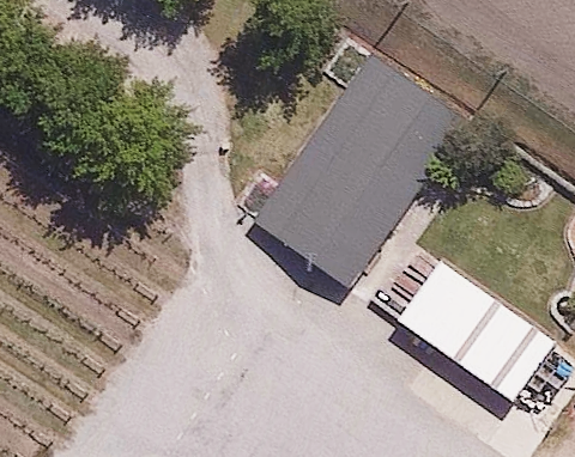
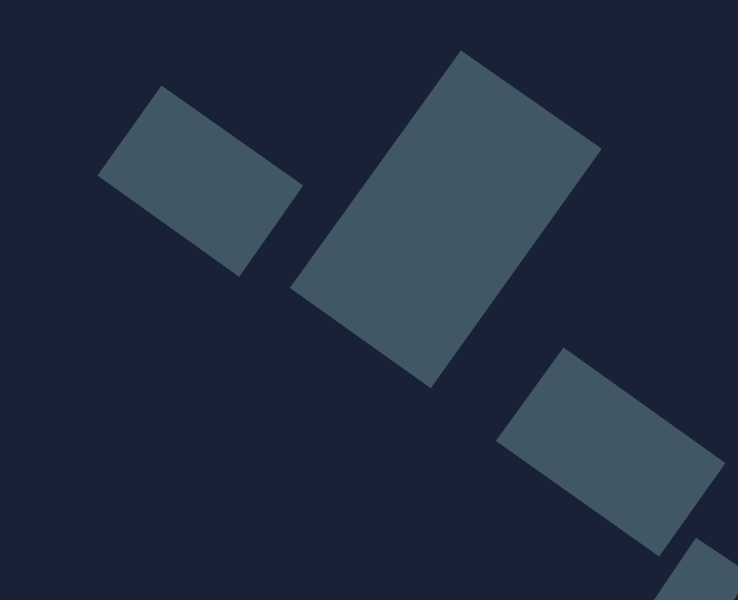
building: none -> [96,85,304,278]

